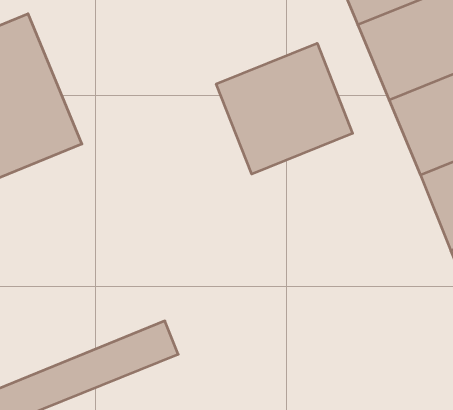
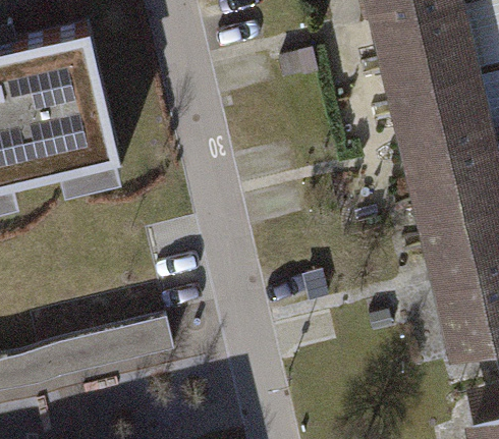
building: [216,43,353,174] -> none

